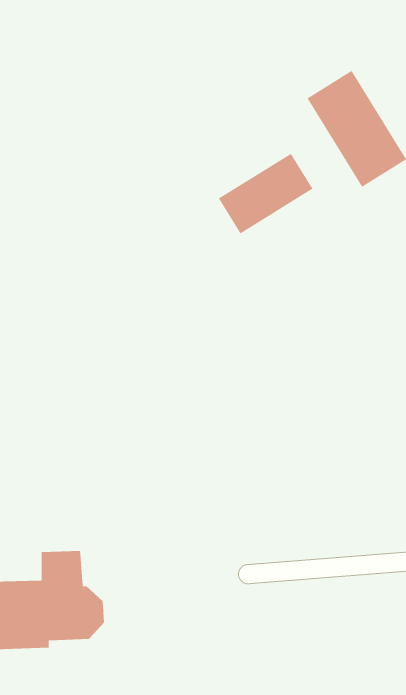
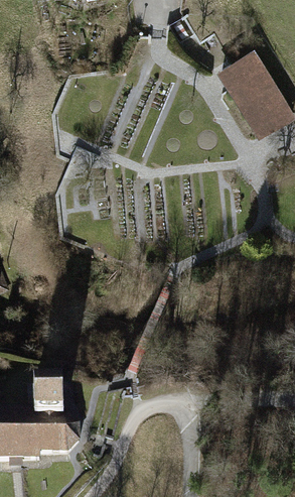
building: [218,153,313,234] -> none

